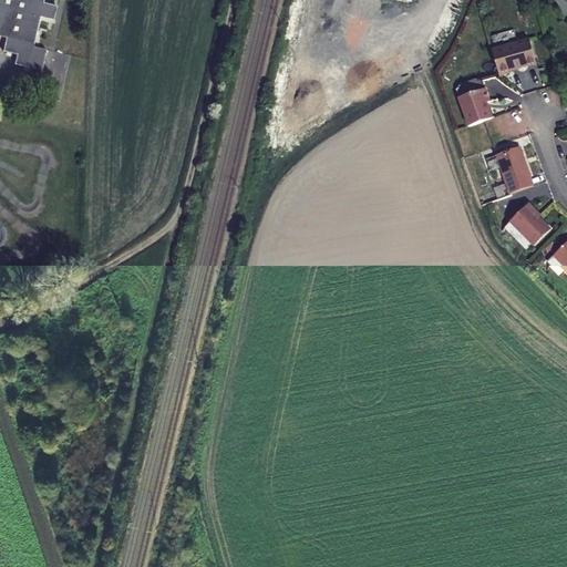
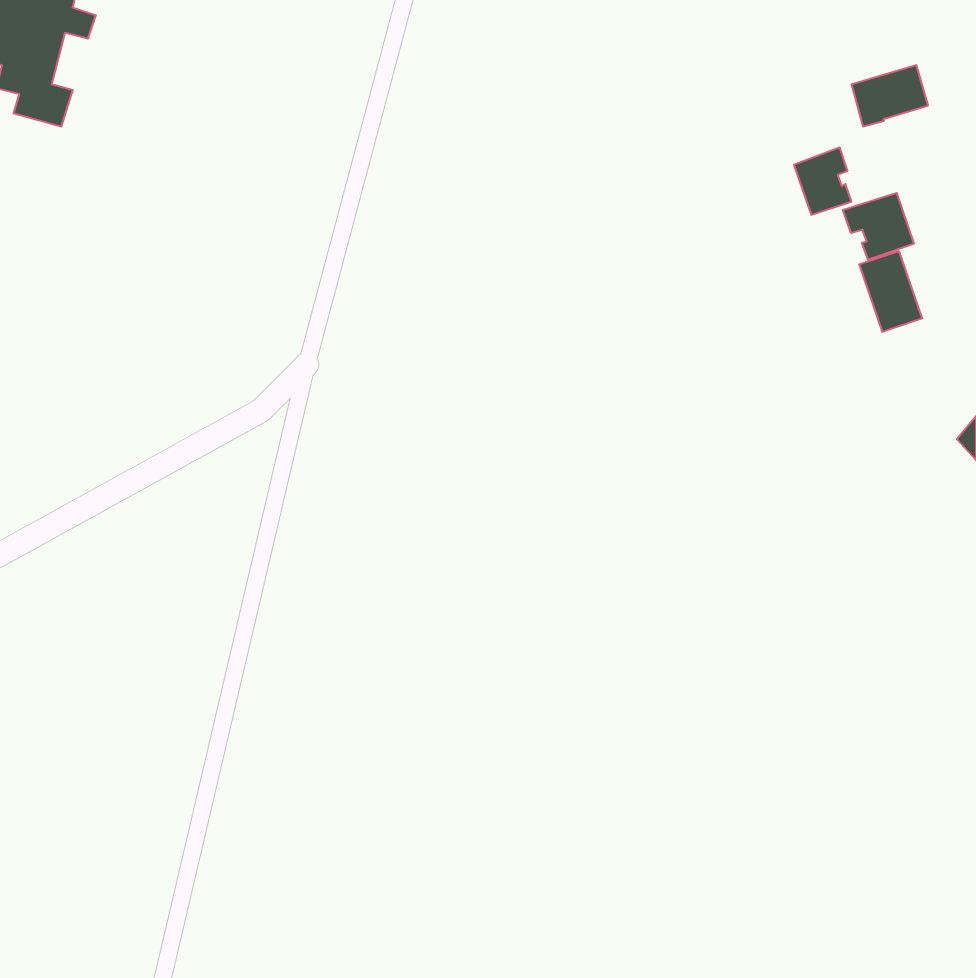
building: none -> [843,193,914,260]
building: [509,202,549,244] -> none

